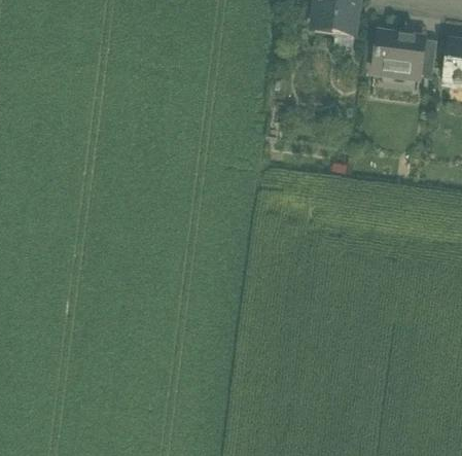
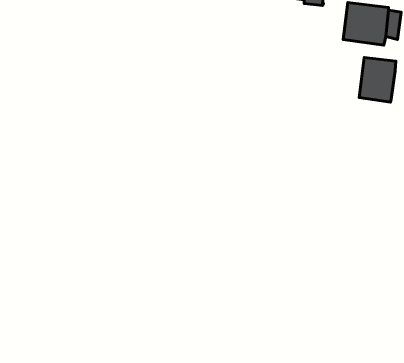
building: none -> [359,57,396,102]

